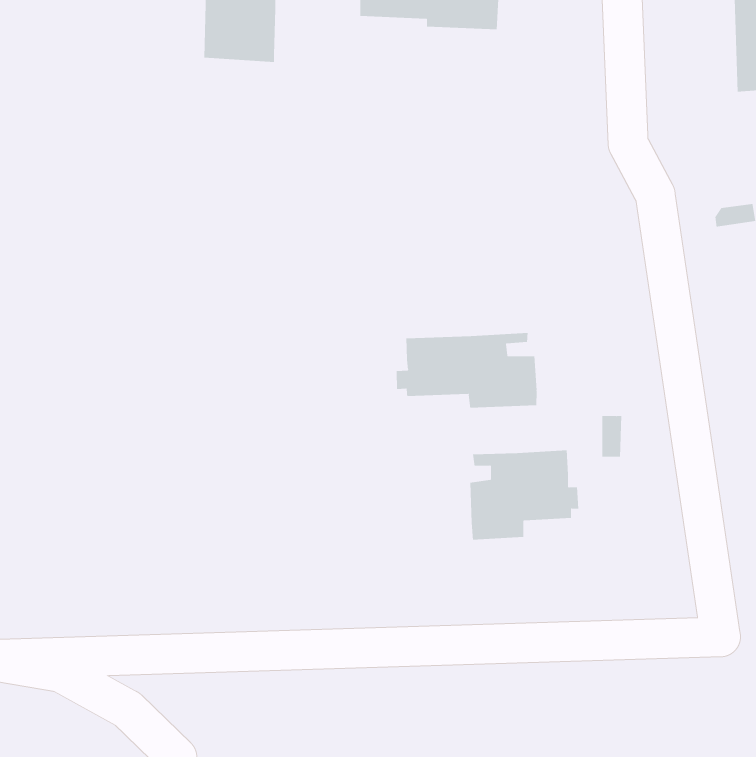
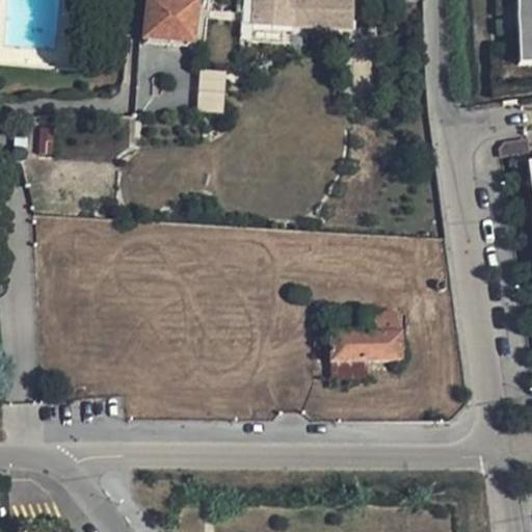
building: none -> [197,68,229,112]
building: [396,332,537,408] -> none

